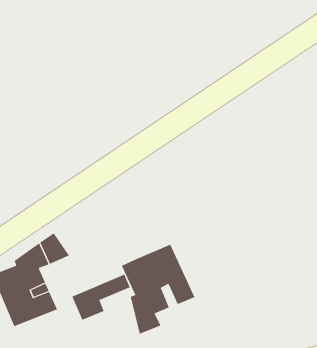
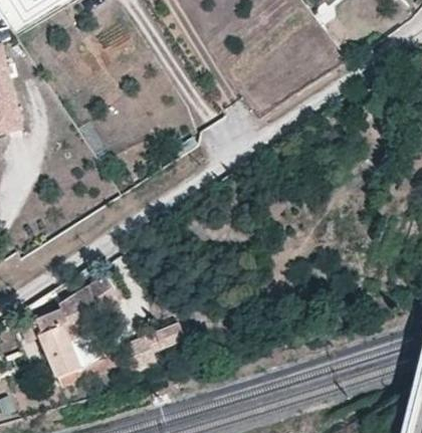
building: [121,244,195,334] -> none

